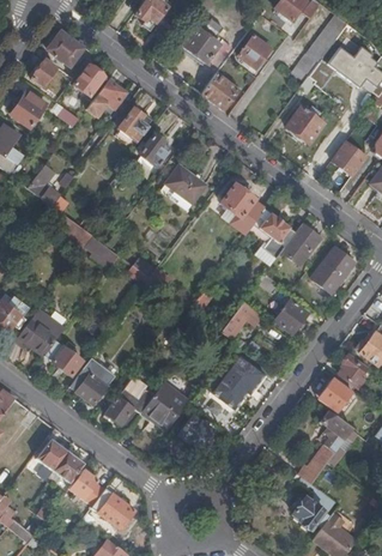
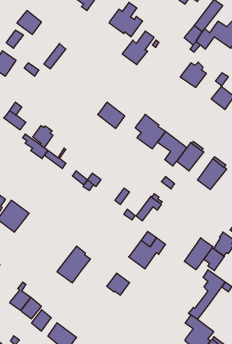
building: [239,35,271,67] -> none
building: [72,64,104,96] -> none
building: [113,107,151,143] -> none
building: [137,132,166,167] -> none
building: none -> [33,126,53,148]
building: [274,300,308,333] -> none
building: [44,340,83,375] -> none
building: [71,357,115,404] -> none
building: none -> [184,238,213,270]
building: [141,382,186,427] -> none

